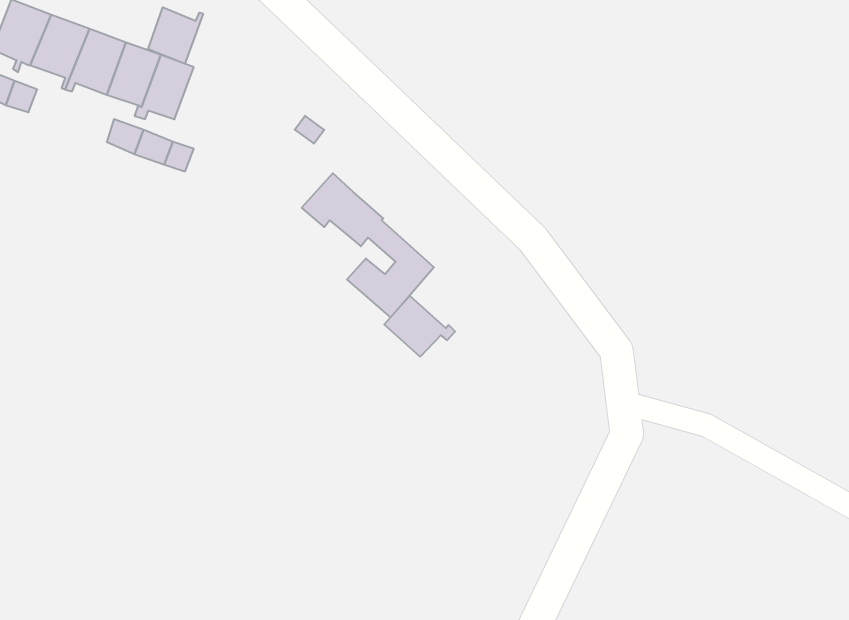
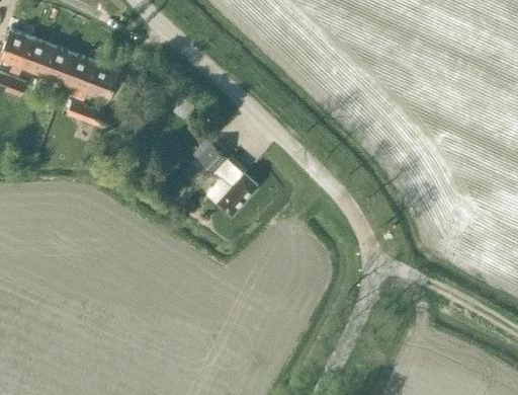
building: [148,7,203,64] -> none
building: [384,296,455,357] -> none

